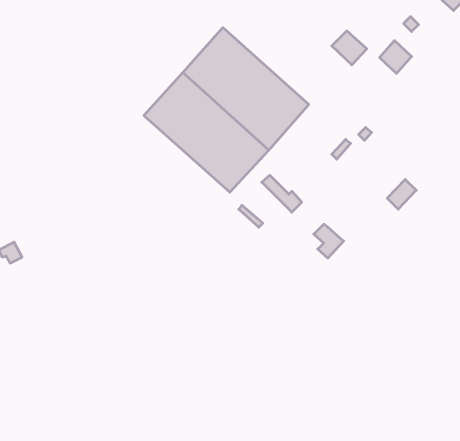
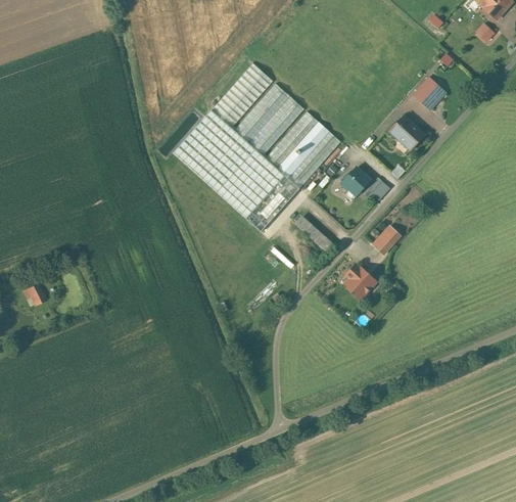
building: [332,31,367,65] -> [388,116,424,150]
building: none -> [341,167,370,195]
building: [387,179,416,209] -> [372,224,402,255]

